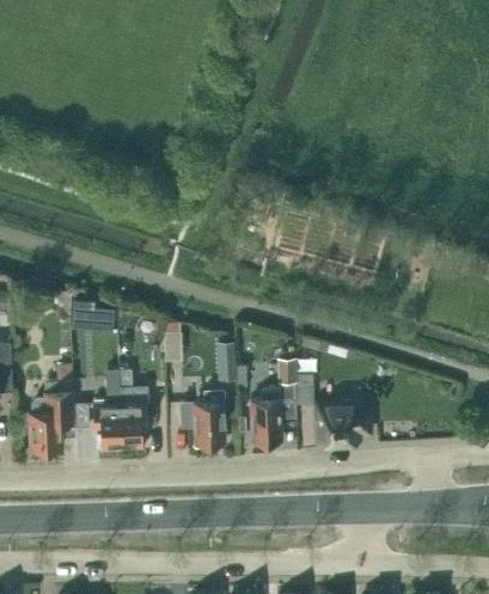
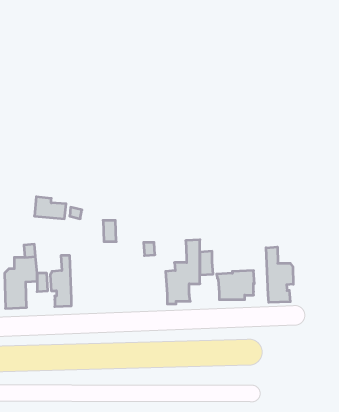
building: none -> [266,247,293,302]
building: [118,371,147,448] -> none
building: [178,391,225,448] -> none

